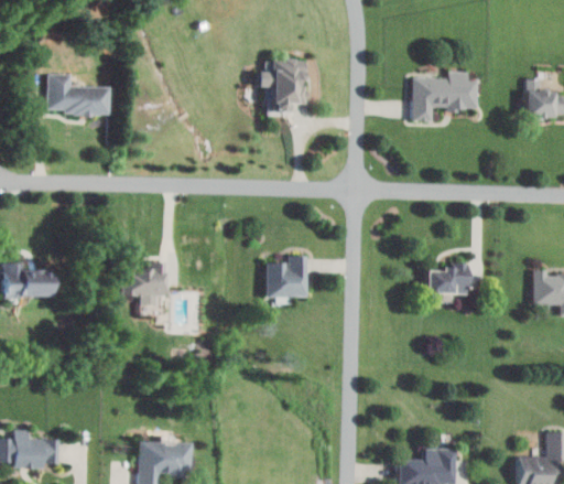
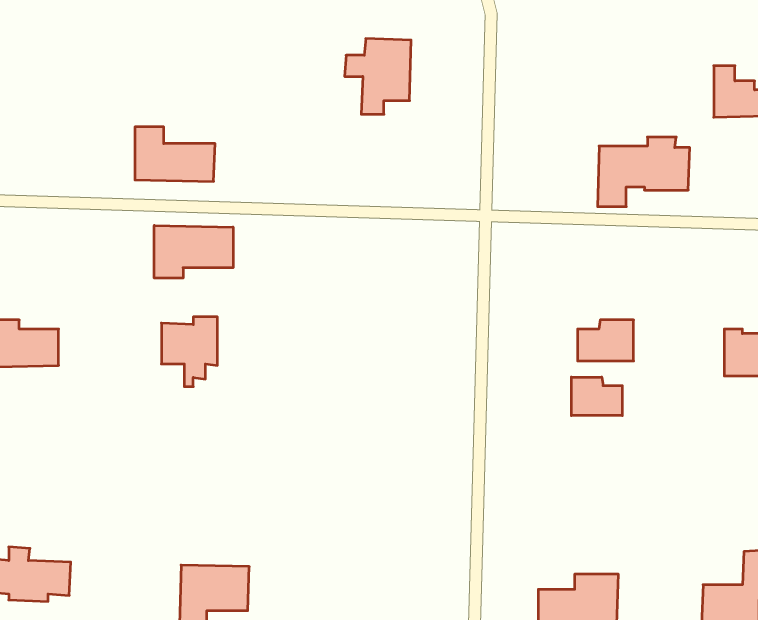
building: [412,71,479,121] -> [598,137,690,207]
building: [48,74,107,114] -> [135,127,215,181]
building: none -> [154,225,233,278]
building: [265,256,308,297] -> none
building: none -> [571,377,622,416]

